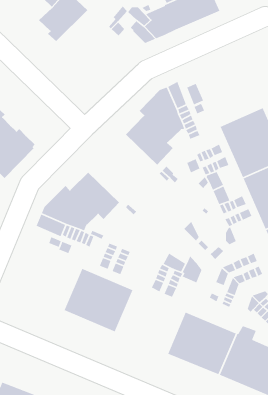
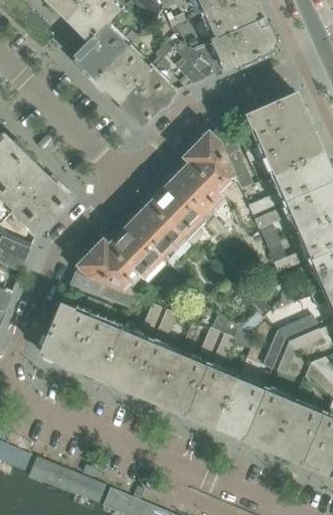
building: none -> [94,45,174,126]
building: none -> [249,94,323,174]
building: none -> [129,183,205,259]
building: none -> [42,306,122,378]
building: none -> [159,355,236,426]

